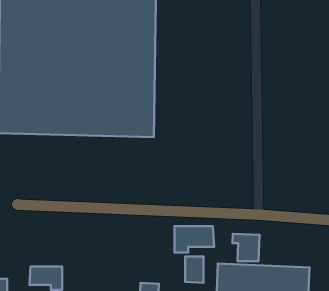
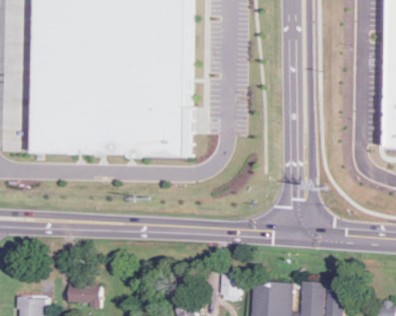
building: [174,226,214,252] -> none
building: [233,234,260,261] -> none

